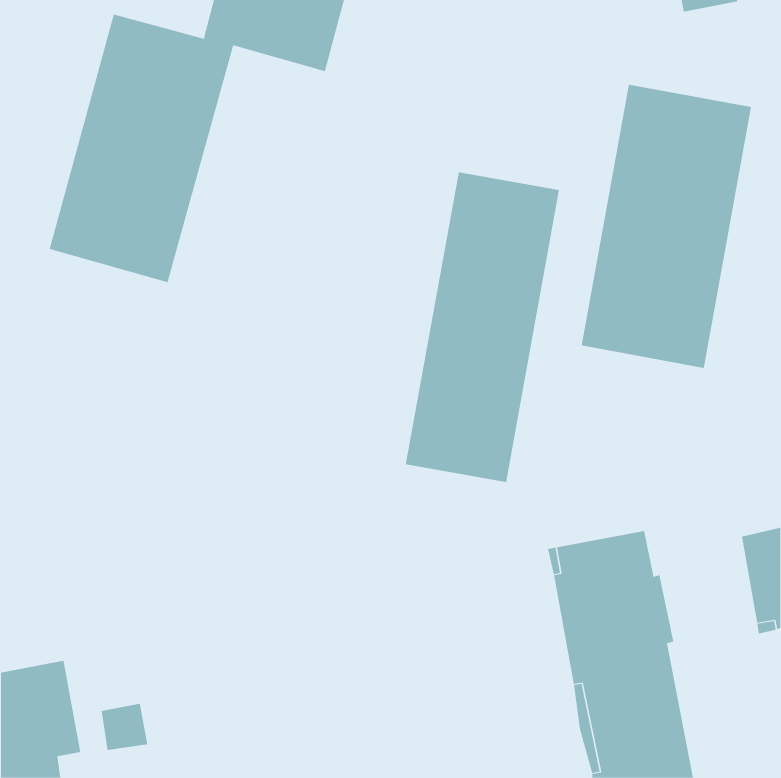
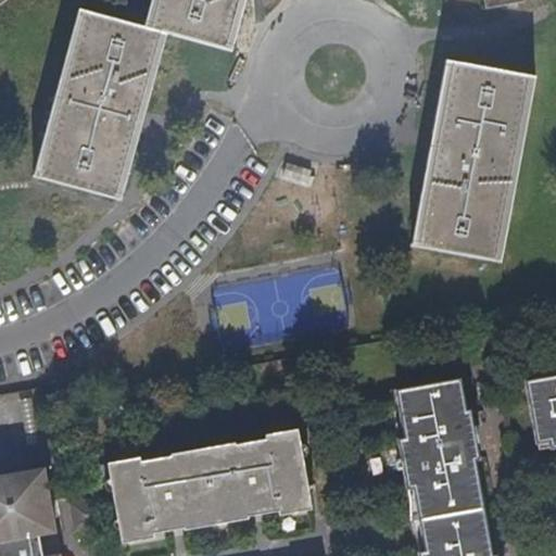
building: [405,172,560,483] -> none
building: none -> [109,429,314,544]

